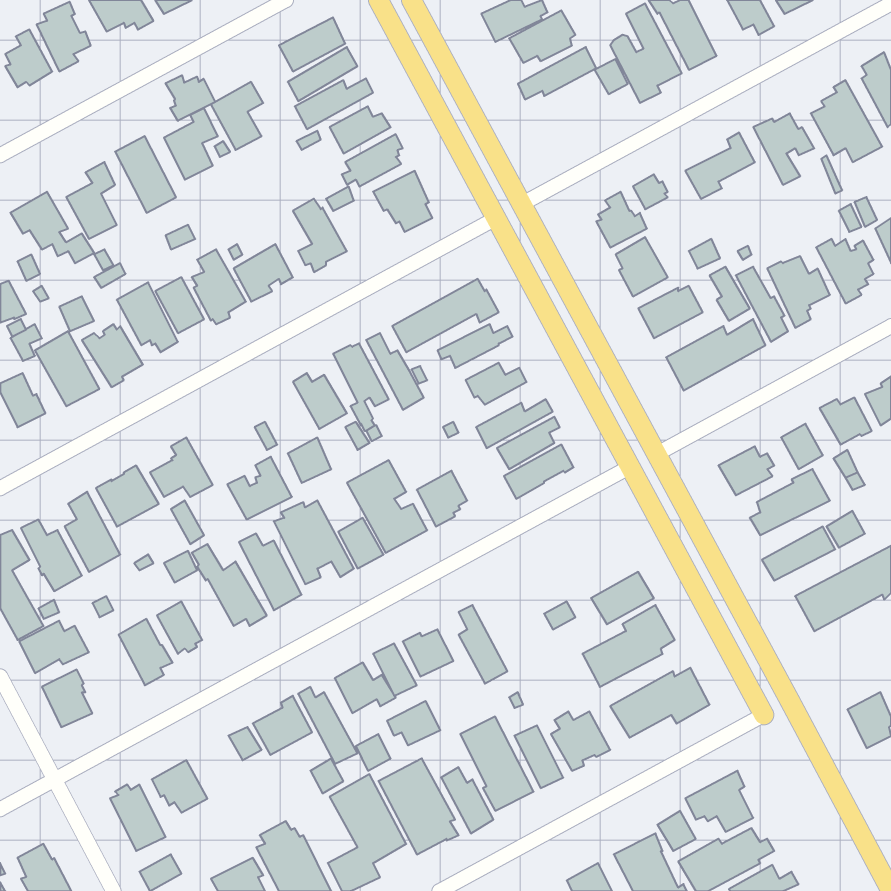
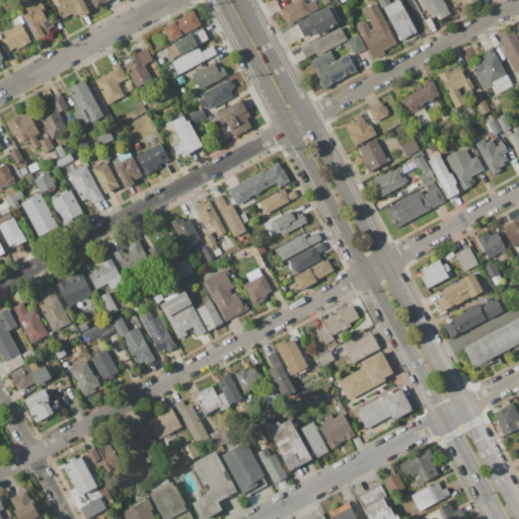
building: [166,75,215,121] -> none
building: none -> [310,51,357,87]
building: [227,457,292,519] -> [112,237,149,274]
building: none -> [318,306,359,344]
building: none -> [274,339,308,377]
building: [387,701,440,745] -> none

